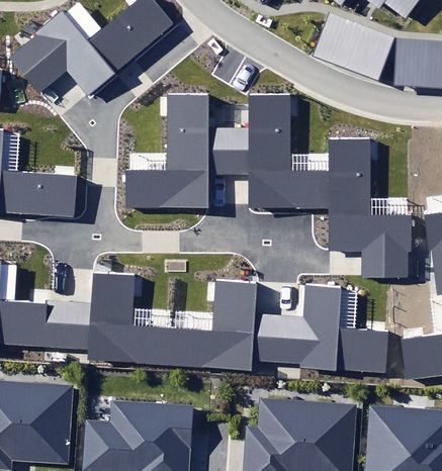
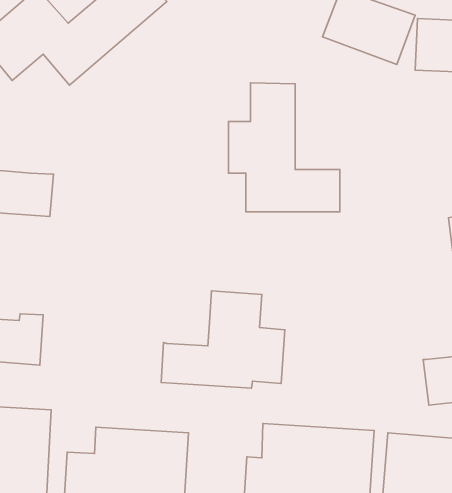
building: [124,95,229,209] -> none
building: [327,138,411,277] -> none
building: [62,270,171,361] -> none
building: [275,283,387,373] -> none

